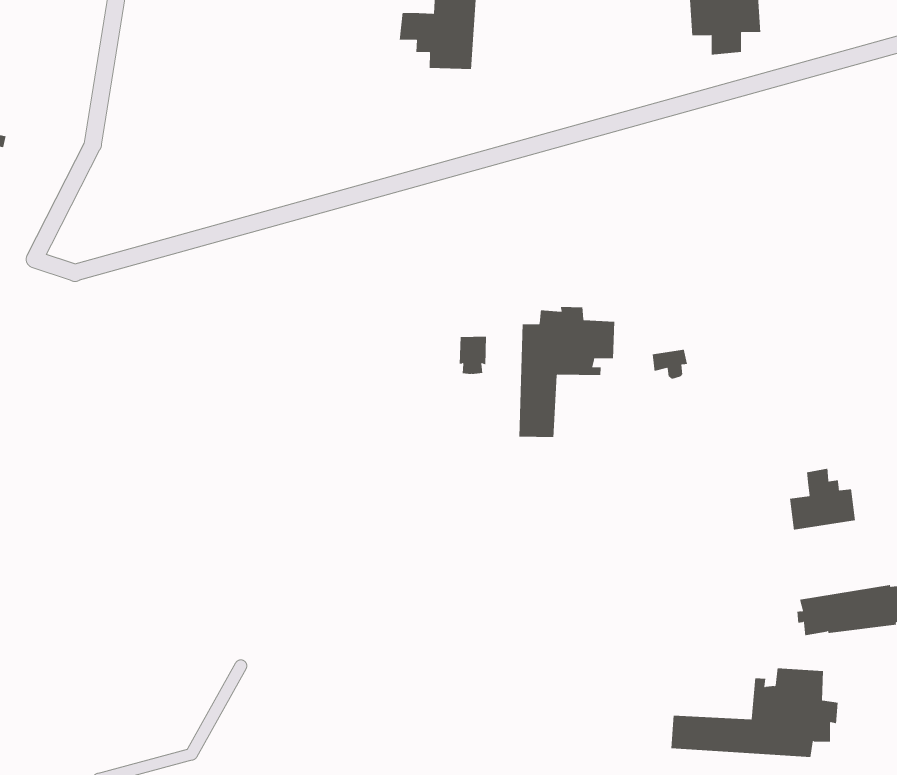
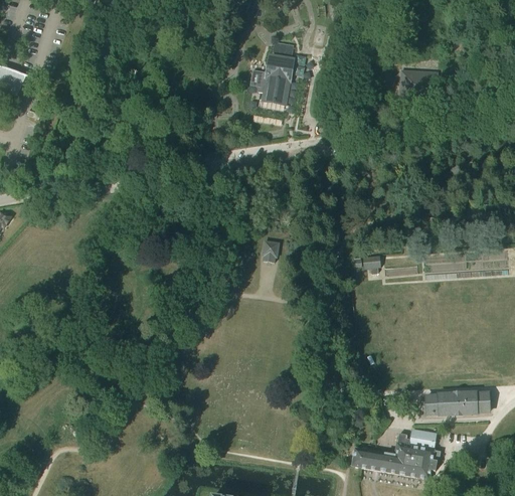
building: [519,306,615,438] -> none
building: [789,468,855,530] -> none

